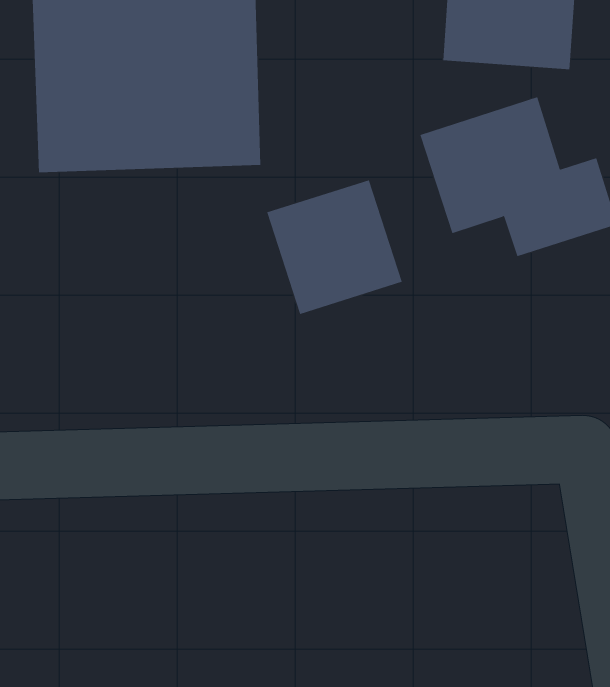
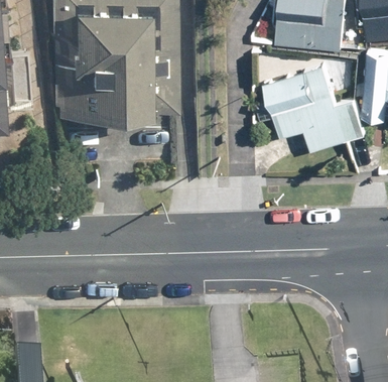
building: [267,179,402,315] -> none

